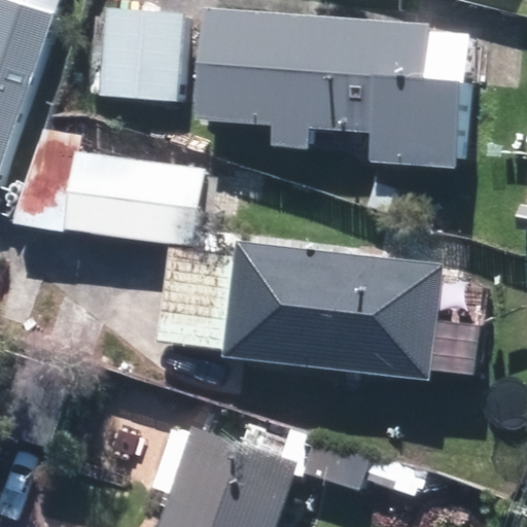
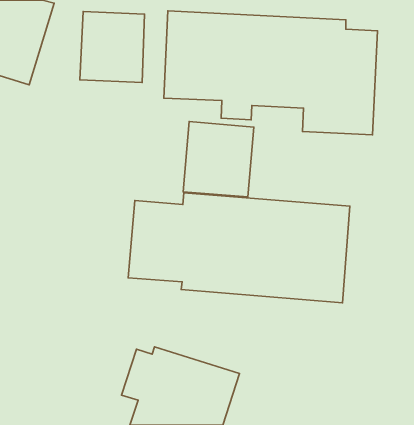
building: none -> [183,121,254,197]
building: [65,155,203,243] -> none

